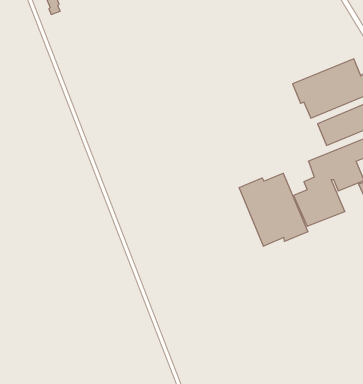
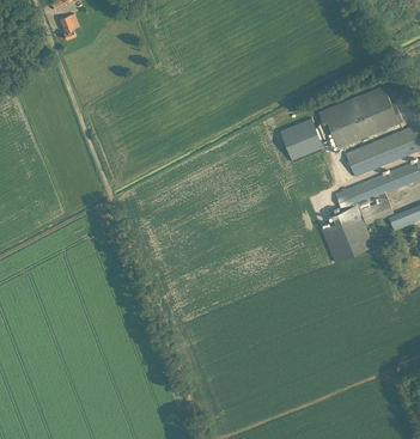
building: none -> [278,118,325,163]
building: [239,173,308,246] -> none

